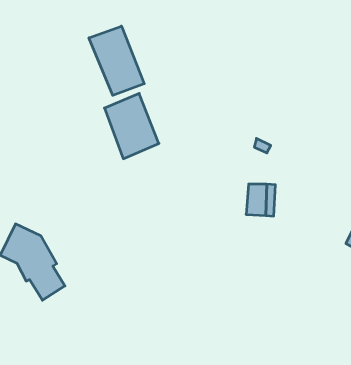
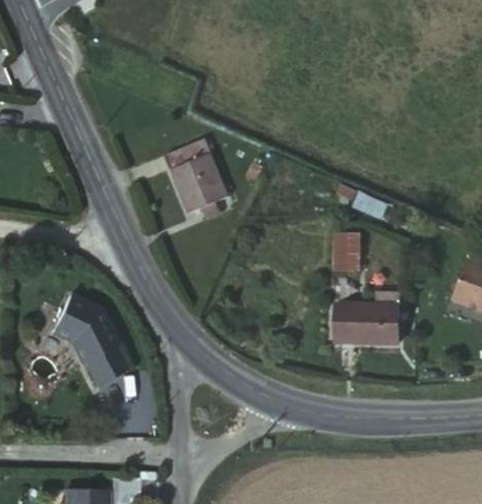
building: [89,26,144,95] -> none
building: none -> [335,291,404,344]

